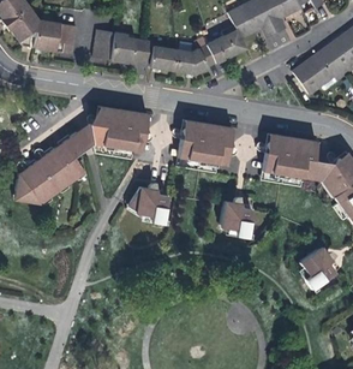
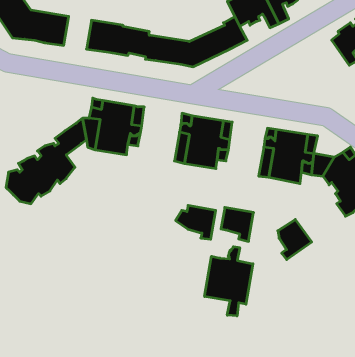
building: [289,48,343,93] -> none
building: [127,192,166,225] -> [176,205,216,239]
building: none -> [205,247,253,316]
building: [299,248,331,286] -> [278,219,312,260]

